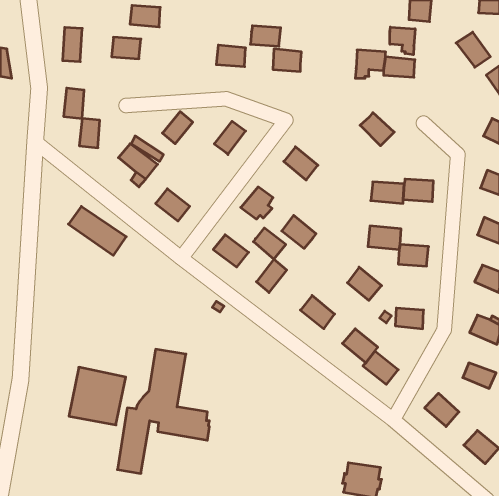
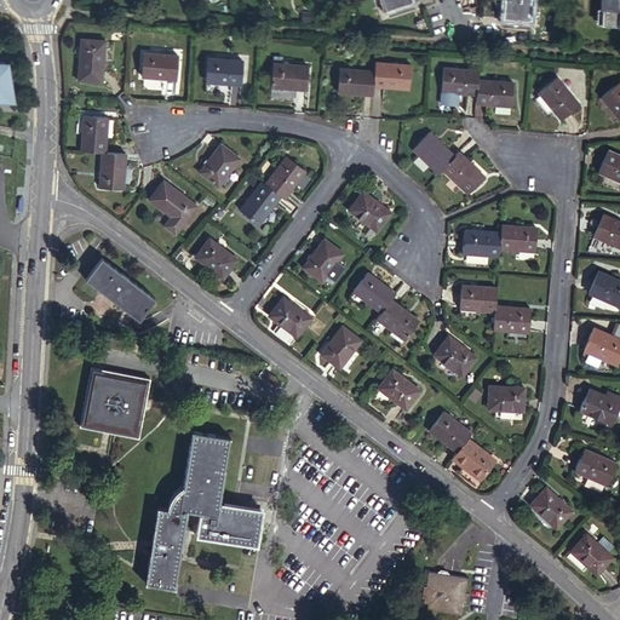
building: [130,5,160,27] -> [203,56,241,82]
building: [250,26,281,46] -> [373,62,411,87]
building: [390,27,415,55] -> none
building: [456,32,490,67] -> [541,80,584,124]
building: none -> [417,127,458,167]
building: none -> [243,179,281,220]
building: [253,228,286,259] -> [375,299,415,338]
building: [69,367,126,425] -> [81,371,151,442]

